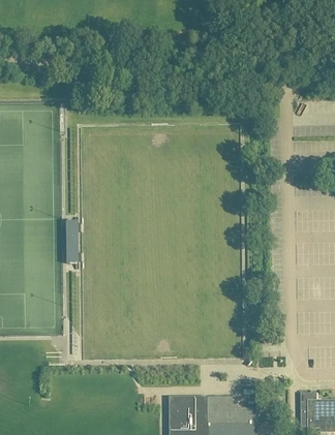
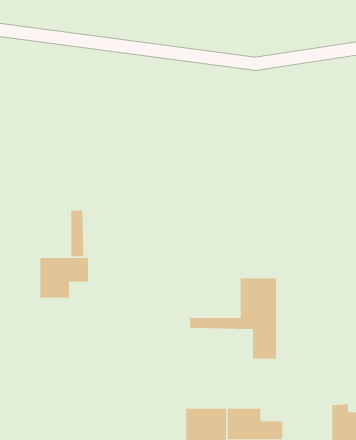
building: none -> [40,257,89,299]
building: none -> [189,278,277,359]

